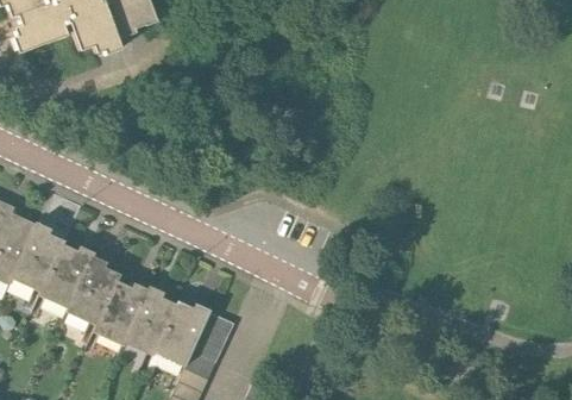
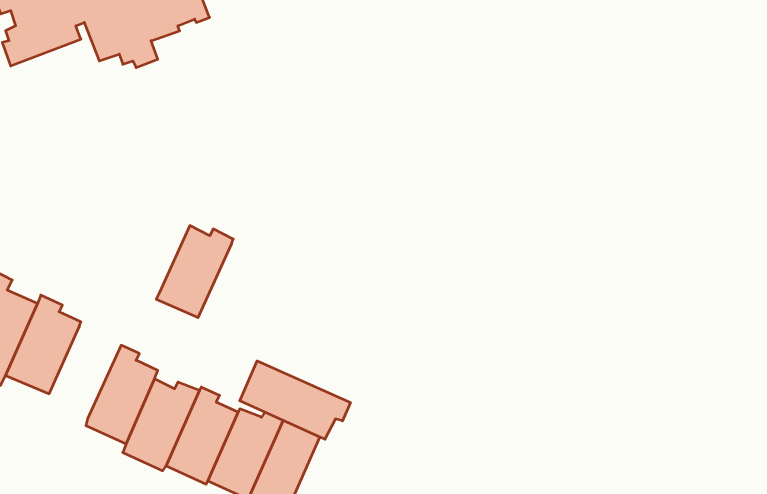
building: [39,243,94,308] -> [156,226,233,318]
building: none -> [240,361,350,439]

